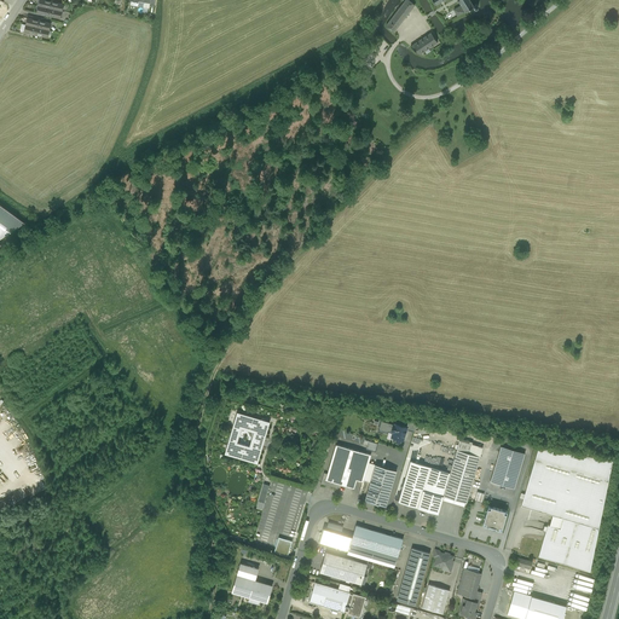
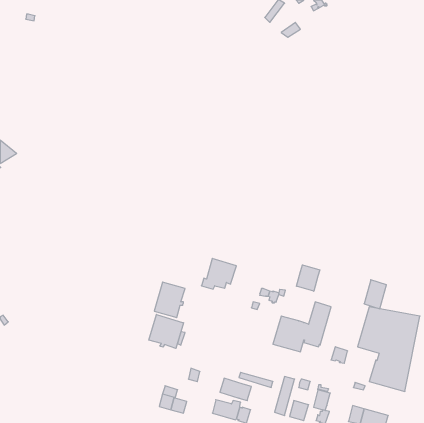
building: none -> [296,265,320,291]
building: [320,445,371,490] -> [201,258,236,289]
building: [491,447,523,490] -> [364,280,386,309]
building: none -> [149,314,184,348]
building: [365,465,397,507] -> none
building: [351,526,403,557] -> none

